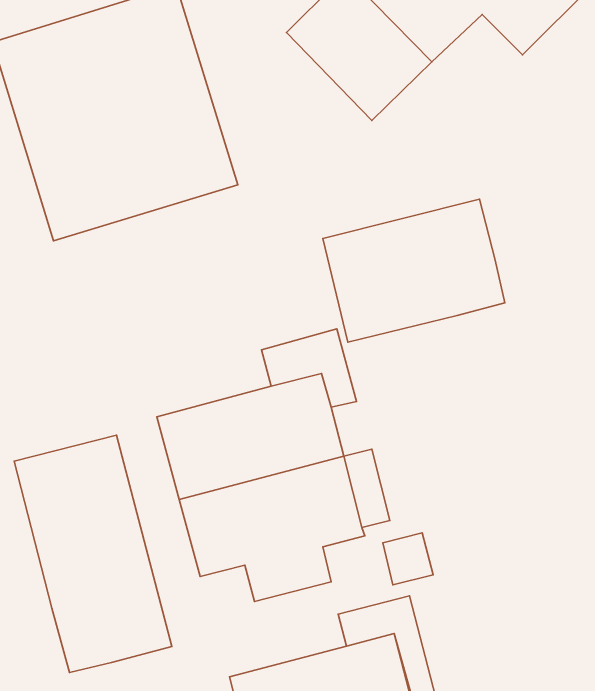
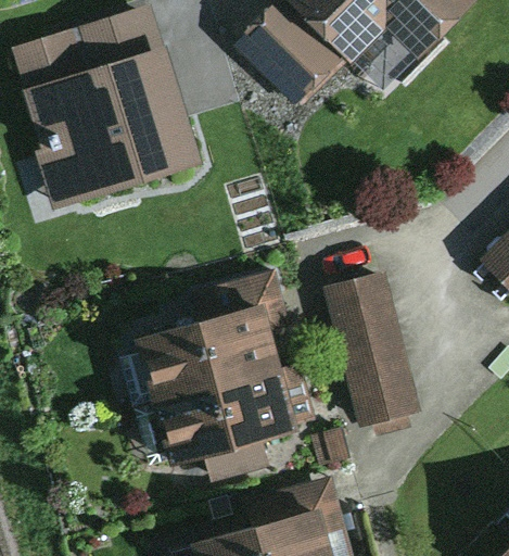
building: [323,199,505,342] -> none
building: none -> [325,273,418,439]
building: [14,435,172,672] -> none

